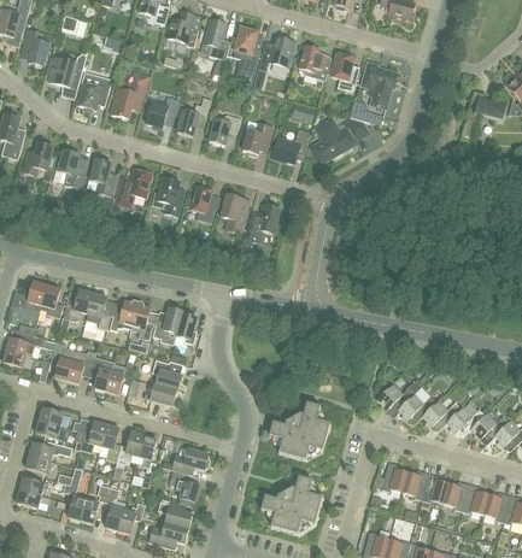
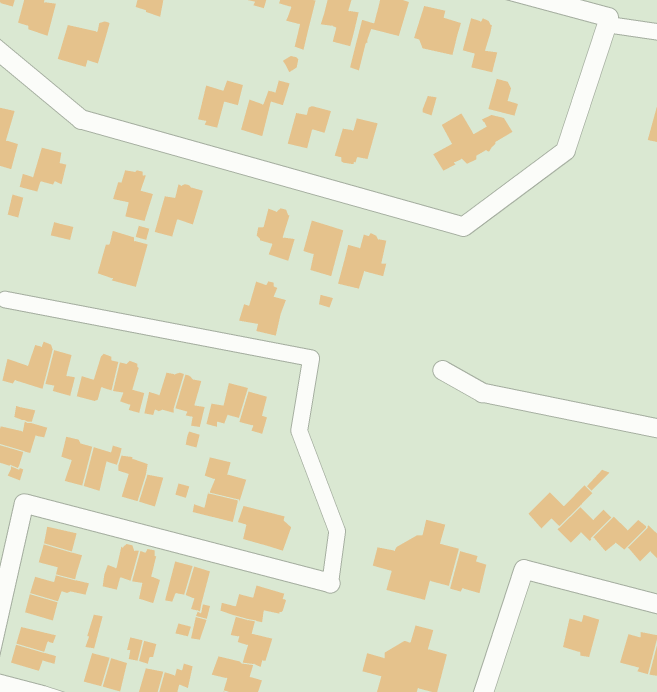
building: [360,60,395,107] -> none
building: [110,70,148,117] -> none
building: [77,71,111,110] -> none
building: [271,128,310,161] -> none
building: [52,148,88,188] -> [97,230,149,287]
building: [151,176,184,215] -> [238,281,287,336]
building: none -> [237,505,292,551]
building: [379,460,405,491] -> [449,551,487,594]
building: [420,471,446,501] -> none

